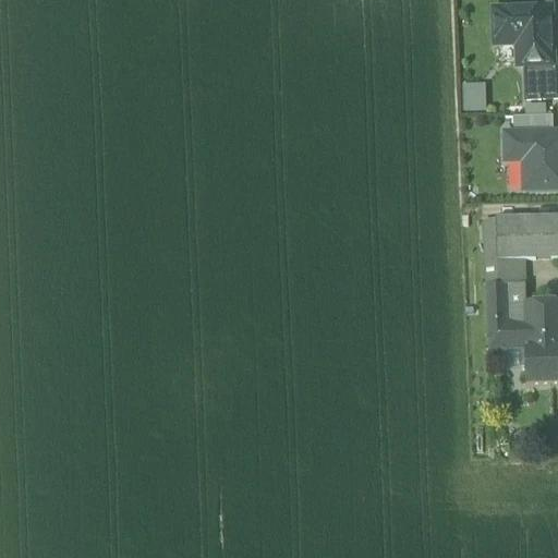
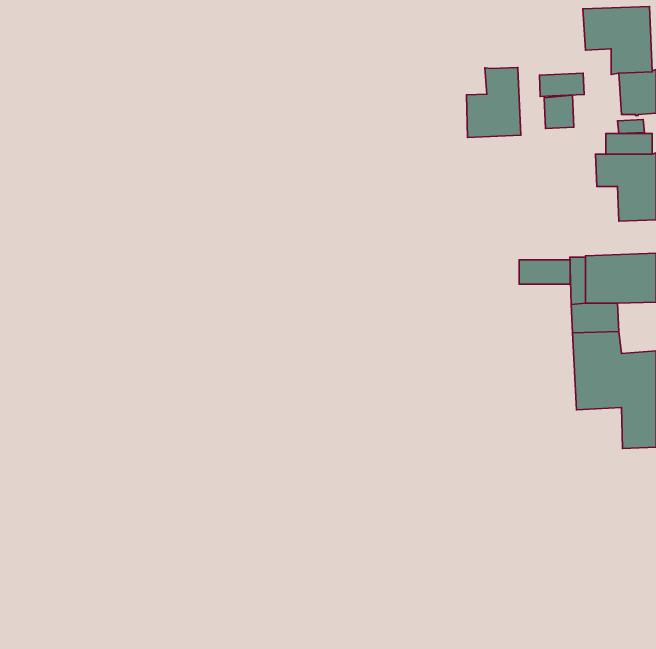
building: none -> [466,67,521,138]
building: none -> [539,73,584,96]
building: none -> [519,260,570,284]

